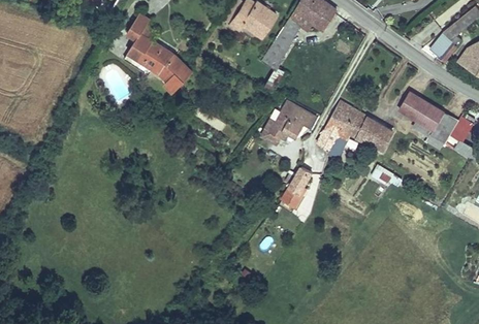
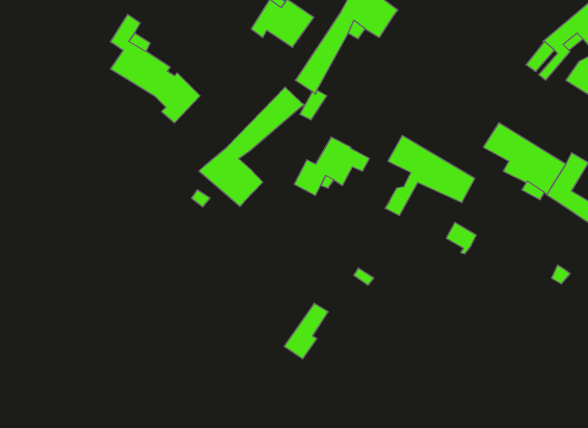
building: none -> [199,87,305,207]
building: [317,120,346,147] -> none
building: [279,166,311,206] -> [284,303,328,359]

